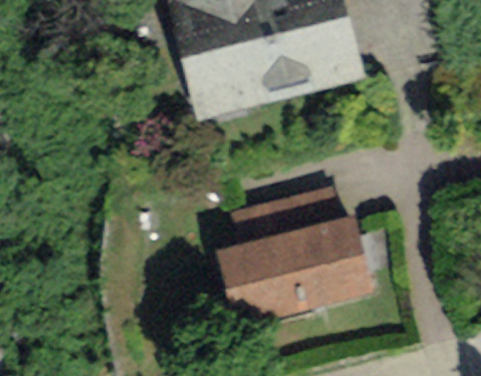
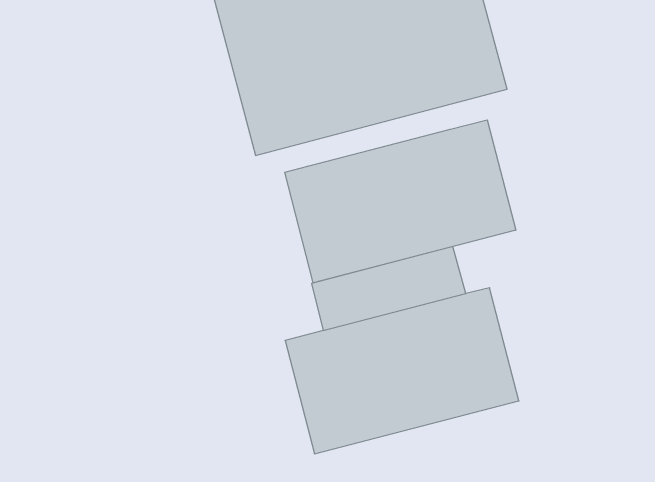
building: none -> [285,120,516,283]

